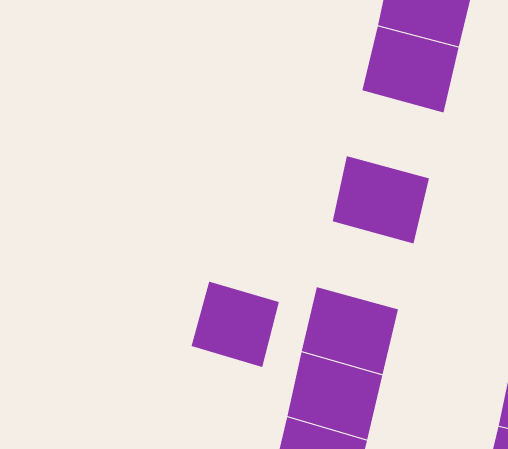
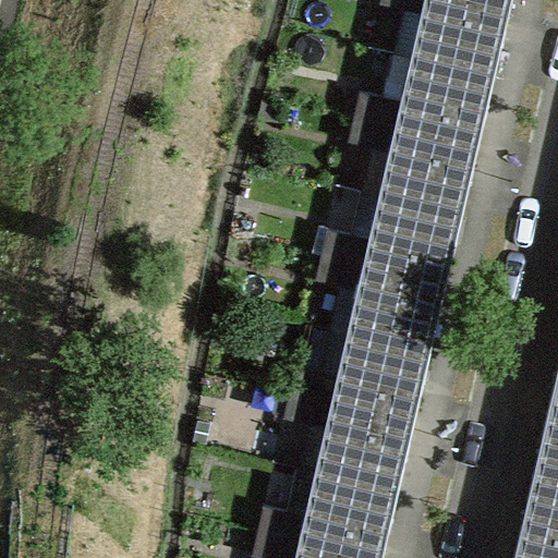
building: none -> [376,125,480,218]
building: none -> [344,264,448,356]
building: [191,281,280,368] -> none

